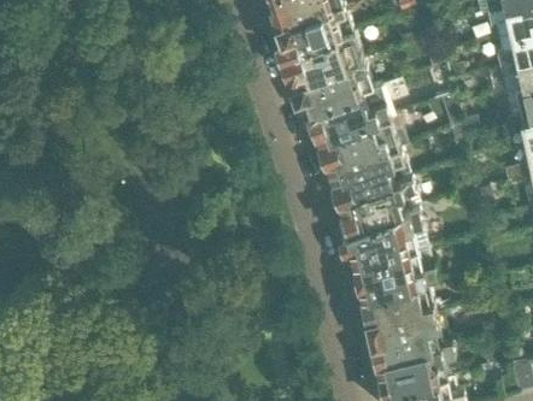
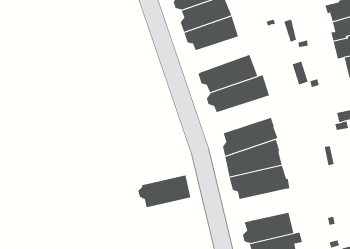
building: [291,58,370,110] -> none
building: [327,145,408,196] -> none
building: [356,277,433,324] -> [137,175,191,208]

